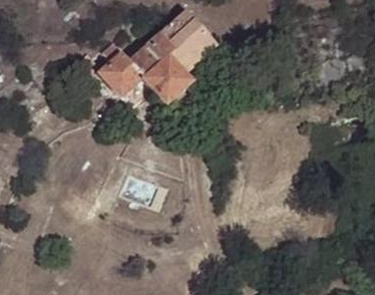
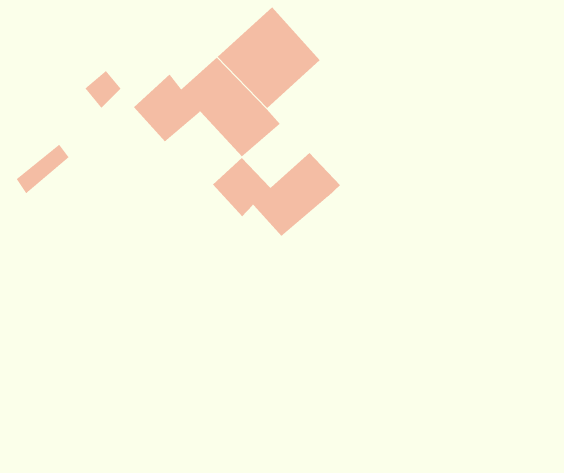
building: none -> [212,152,341,237]

